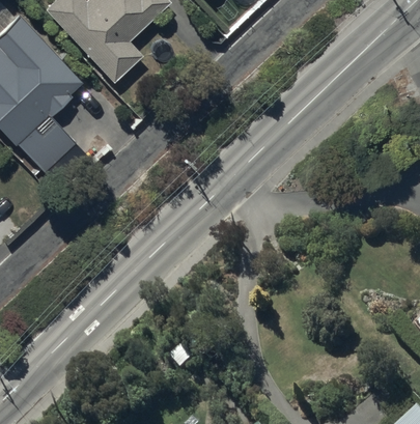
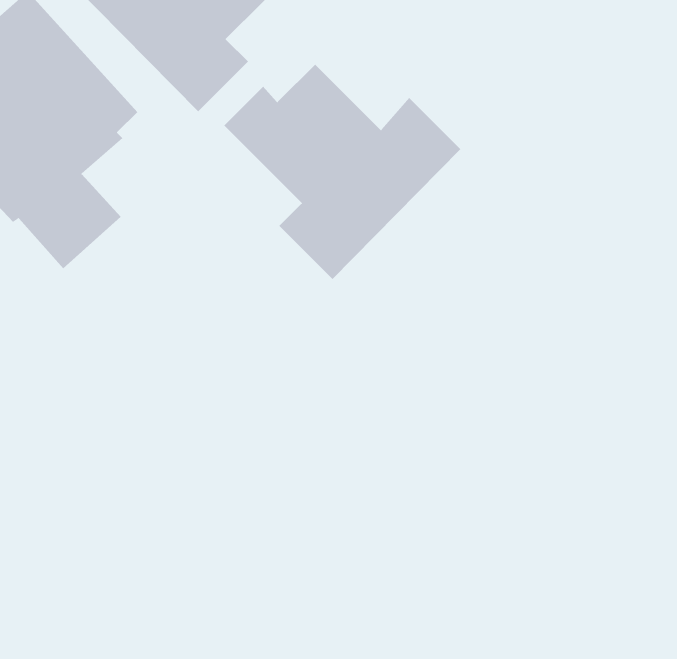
building: none -> [223,64,461,280]

